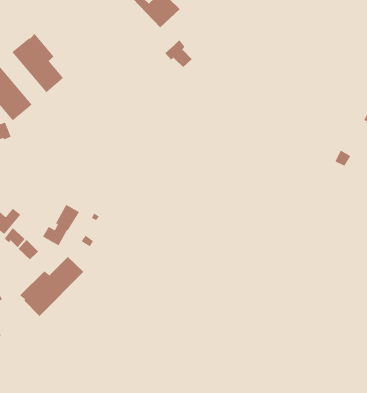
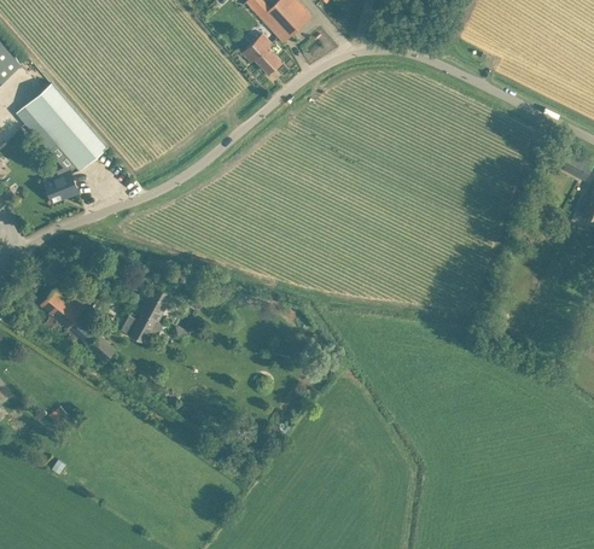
building: [12,33,64,93] -> none
building: [165,39,193,68] -> [241,34,280,74]
building: [19,256,84,317] -> none

